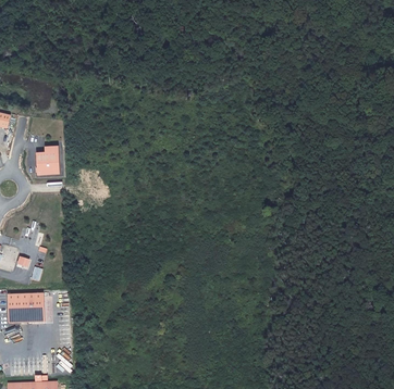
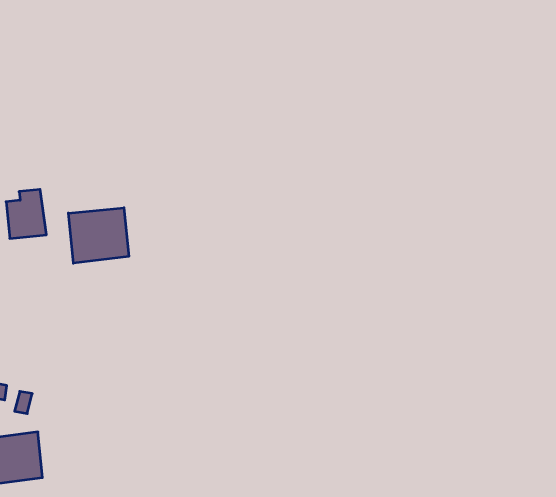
building: none -> [68,208,129,263]

